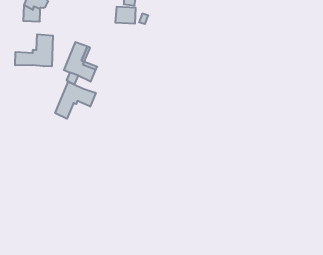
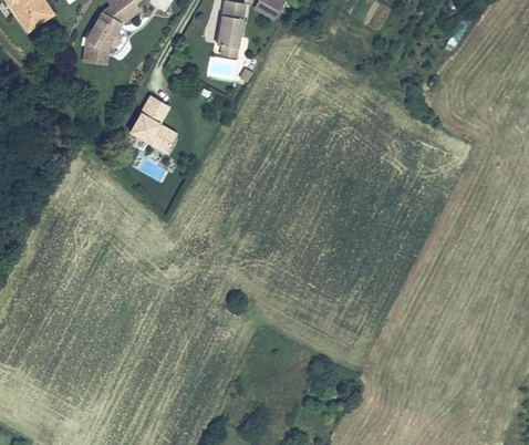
building: [15,34,53,66] -> none
building: [55,82,96,119] -> none

